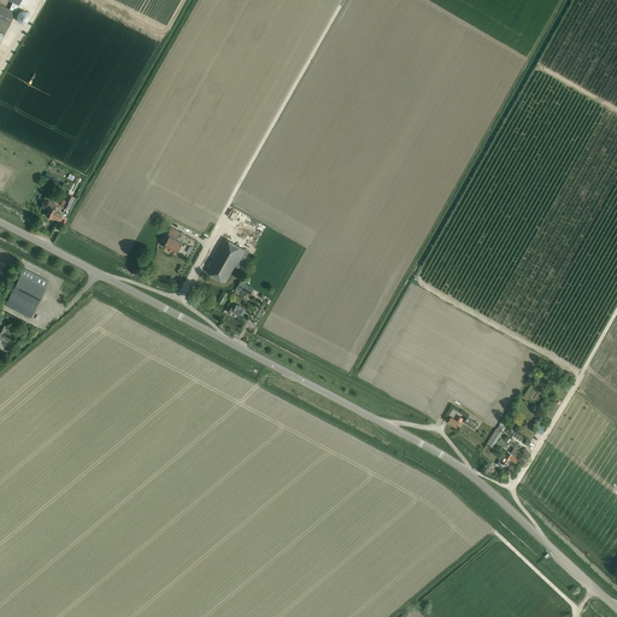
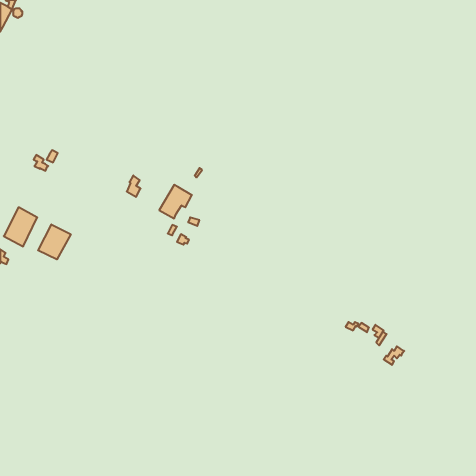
building: none -> [38,224,71,259]

